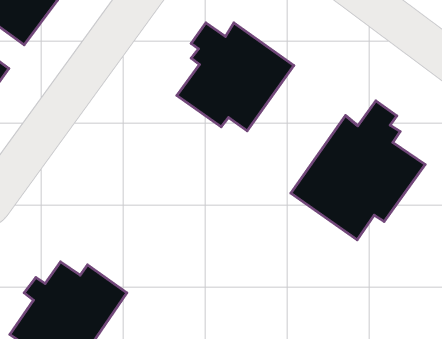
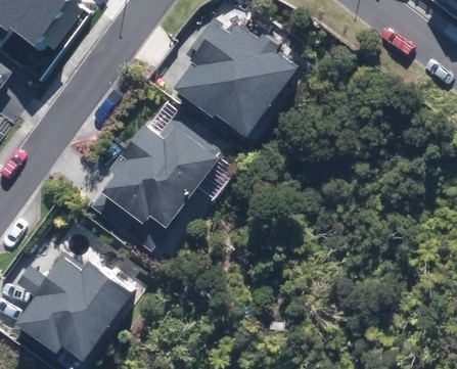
building: [291,101,425,240] -> none
building: none -> [97,102,232,243]

